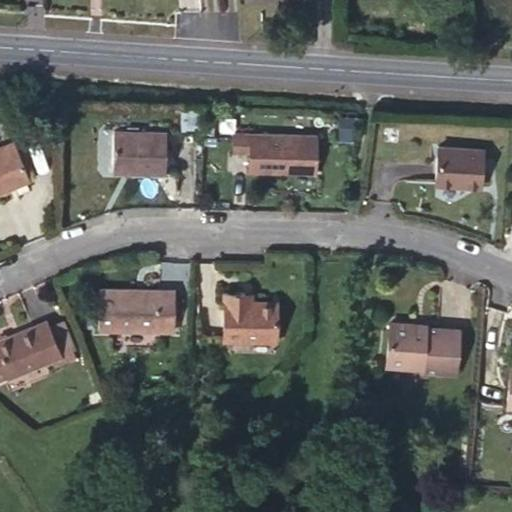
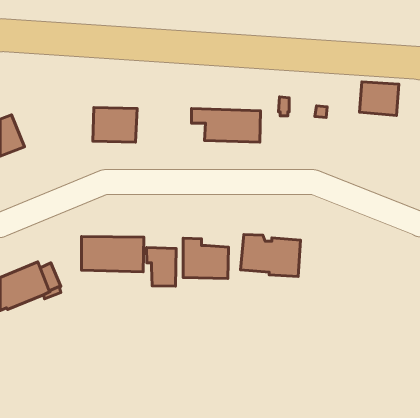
building: [435,148,483,189] -> [360,82,399,115]
building: none -> [147,247,176,286]
building: [386,323,459,374] -> [241,234,301,276]

